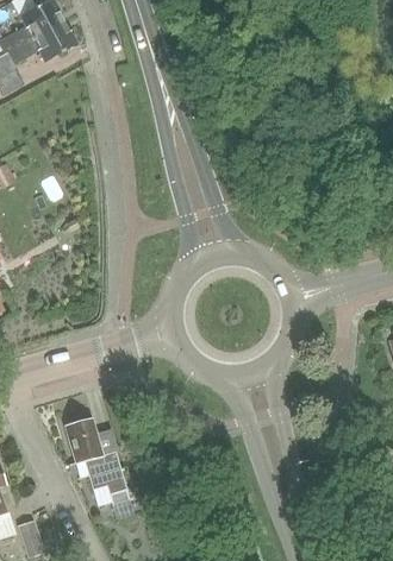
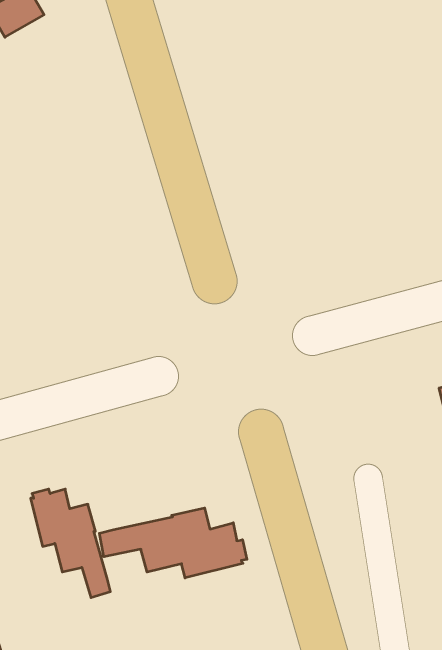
building: none -> [99,508,247,578]

